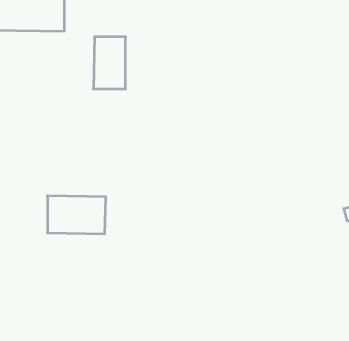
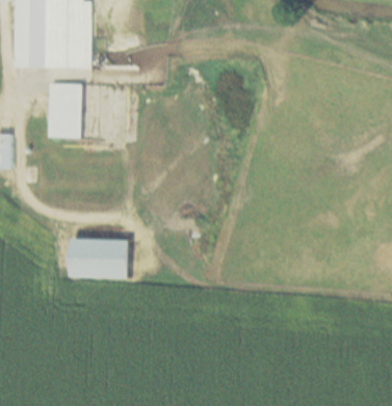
building: [93,37,126,89] -> [48,83,81,137]

